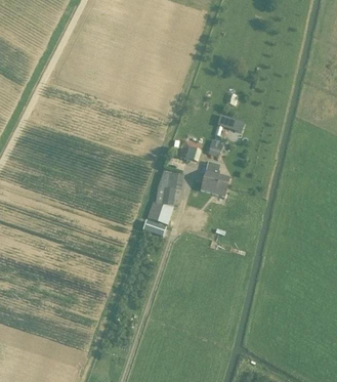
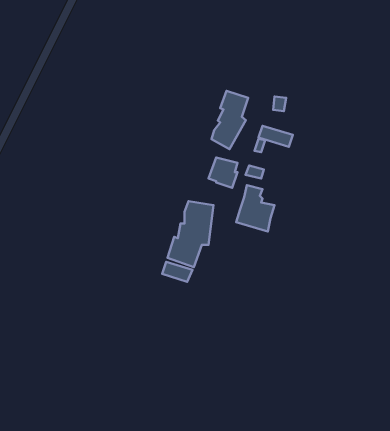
building: none -> [211,91,248,149]

